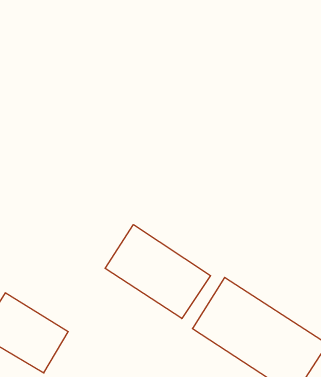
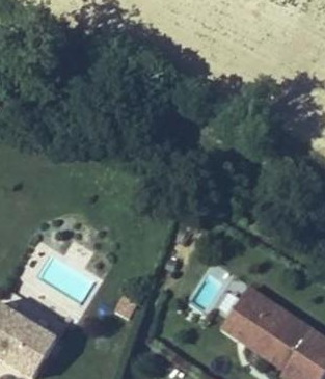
building: [105,225,211,319] -> none

